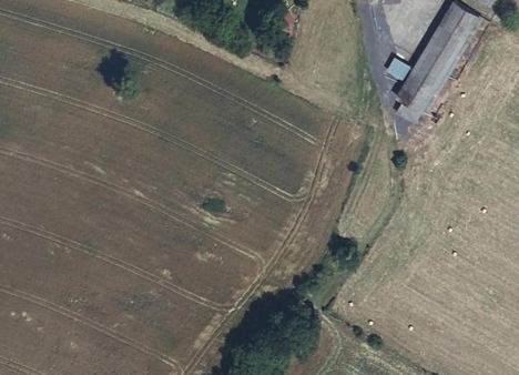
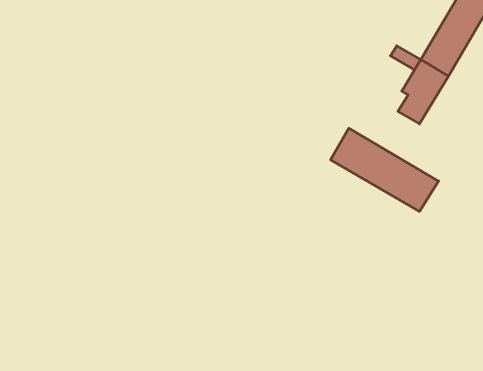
building: none -> [331,128,439,211]

